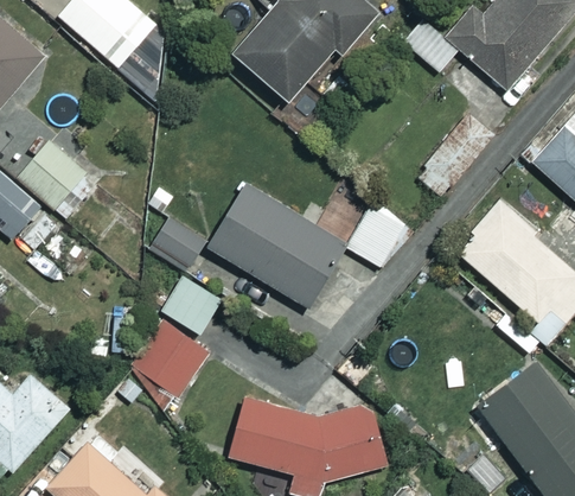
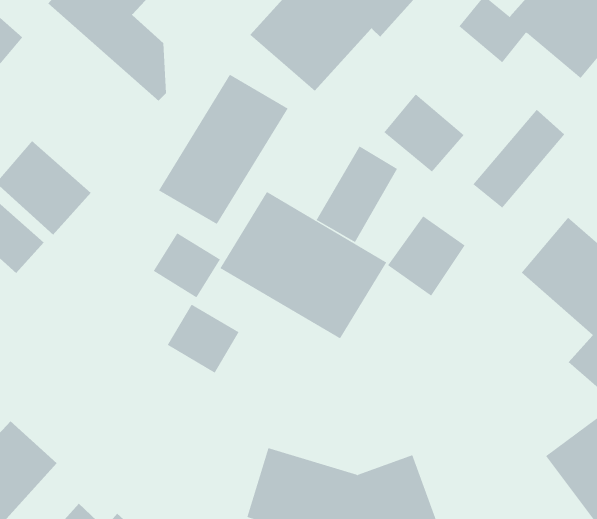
building: none -> [158,74,288,225]
building: none -> [383,93,464,173]
building: none -> [316,146,398,243]
building: [139,325,206,395] -> none

